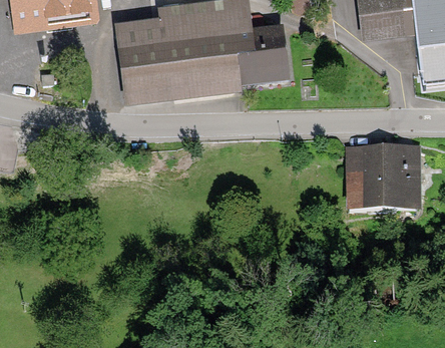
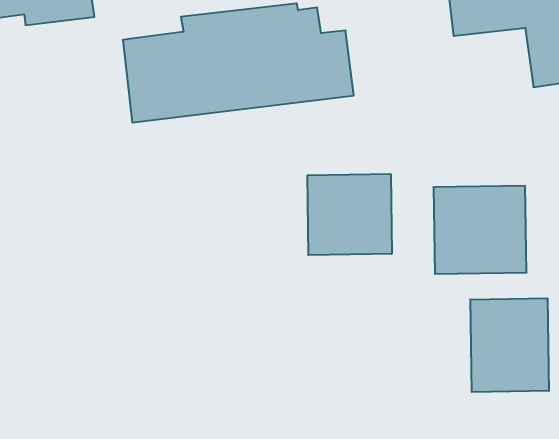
building: none -> [307,174,392,255]
building: none -> [470,298,549,392]

